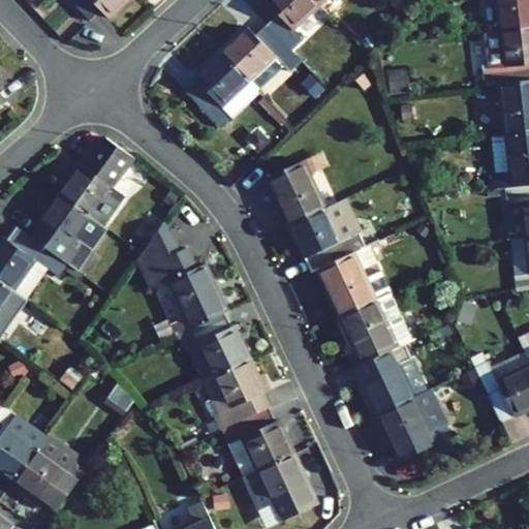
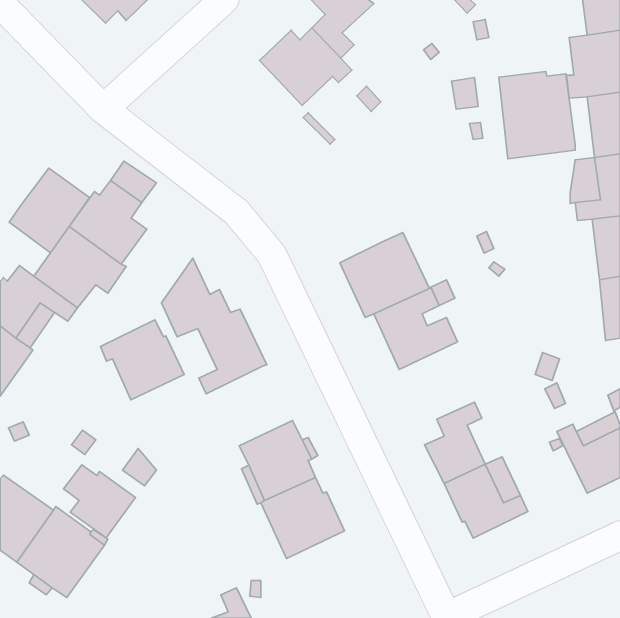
building: [185,52,258,126] -> none
building: none -> [499,71,575,159]
building: none -> [9,168,90,253]
building: [267,151,329,224] -> none
building: [340,291,411,366] -> none
building: [178,312,249,380] -> [100,320,184,400]
building: none -> [64,465,135,538]
building: [244,453,313,518] -> none

